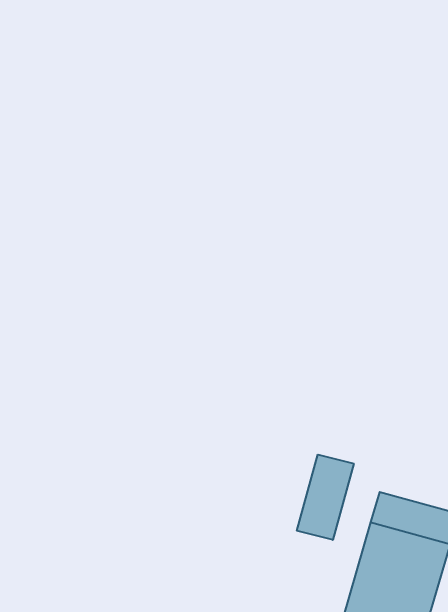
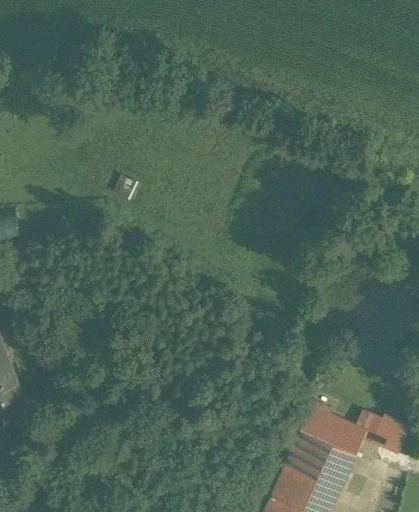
building: [297,455,354,540] -> none

